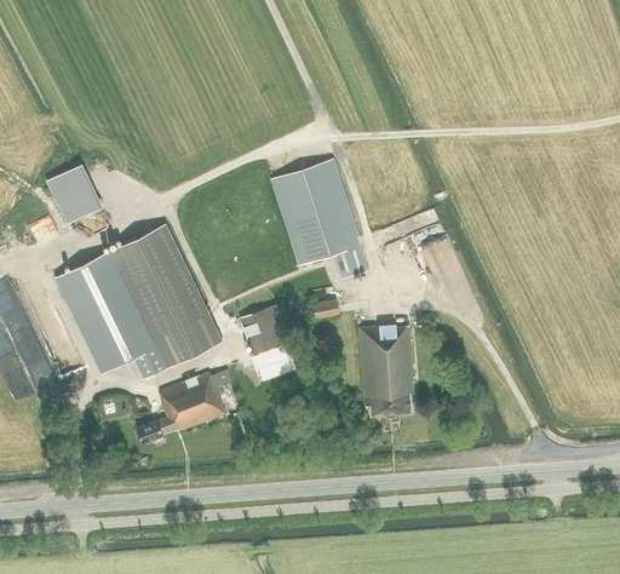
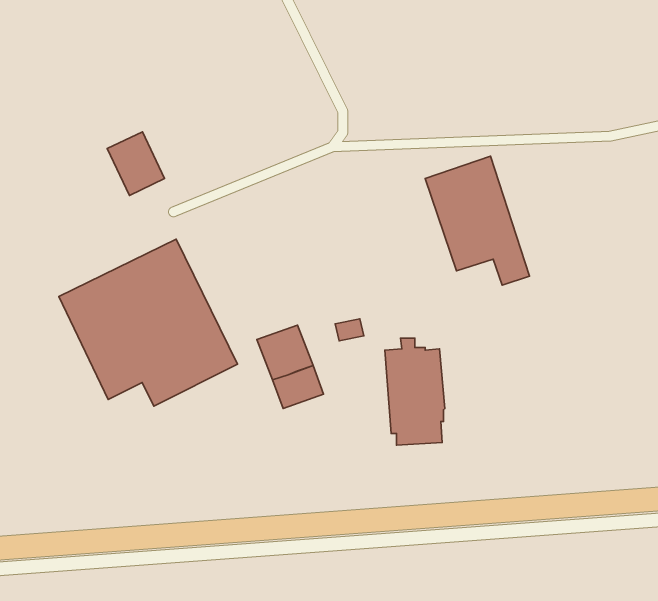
building: [271,159,368,279] -> [425,156,530,285]
building: [46,165,99,224] -> [107,132,165,196]
building: [138,372,224,441] -> none

